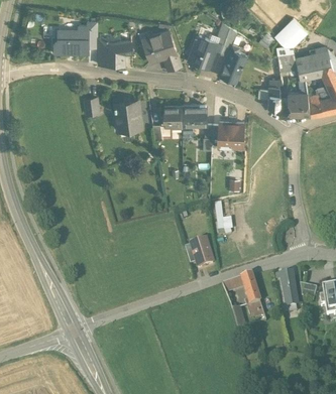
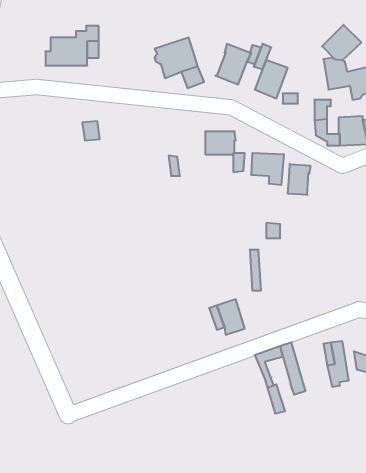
building: [107,39,131,63] -> none
building: [114,99,141,127] -> none
building: [163,105,182,125] -> none
building: none -> [288,164,310,195]

